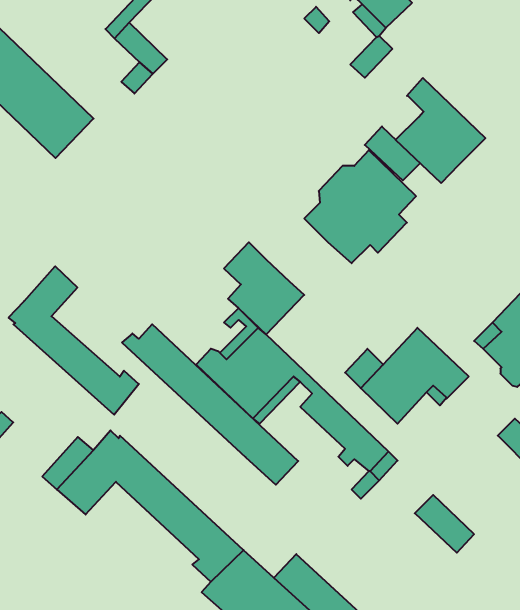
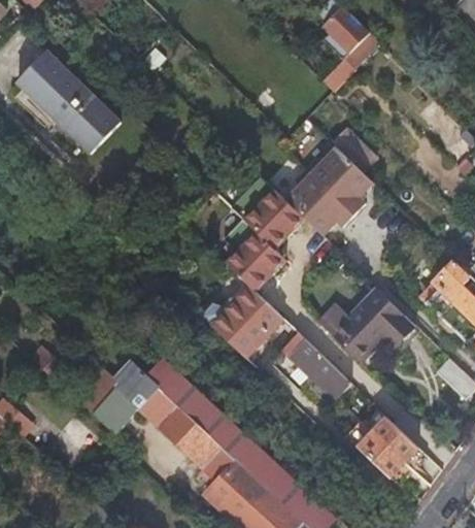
building: [396,78,485,183] -> none
building: none -> [231,177,304,251]
building: [9,266,139,415] -> none
building: [122,324,298,485] -> [141,357,279,483]
building: none -> [345,421,412,485]

